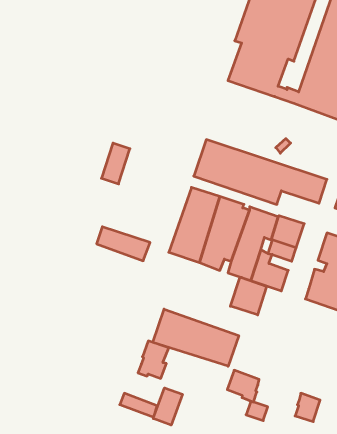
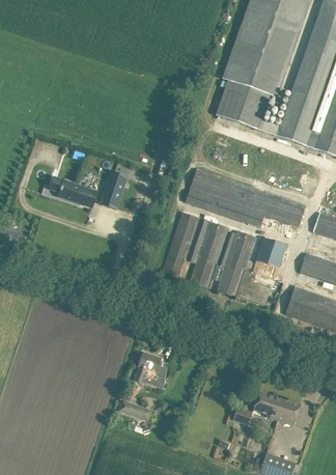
building: [97,227,150,261] -> [49,176,97,207]
building: [230,277,267,315] -> none
building: [153,309,239,366] -> none
building: [227,370,259,402] -> [253,391,282,420]
building: [153,388,182,425] -> none

